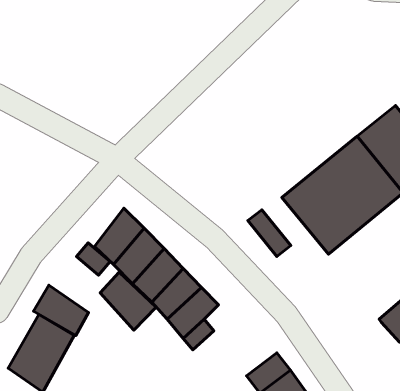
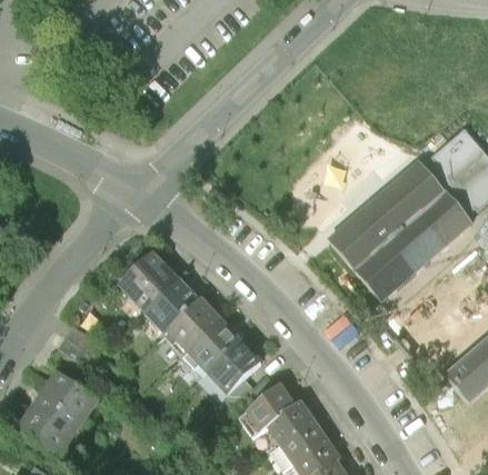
building: [248,210,291,256] -> none
building: [76,243,110,275] -> none
building: [100,272,156,330] -> none
building: [33,285,89,336] -> none
building: none -> [253,379,325,439]

